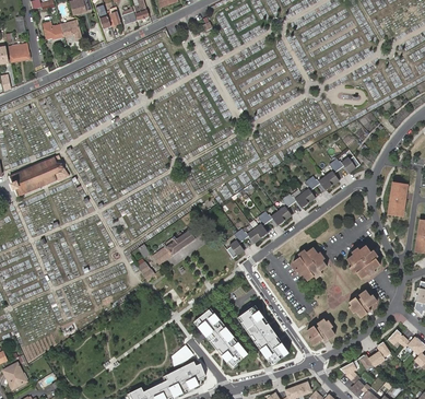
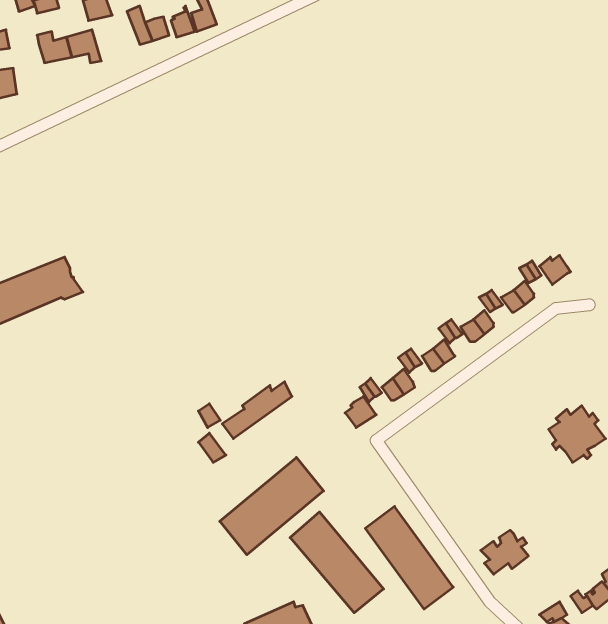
building: [293,248,328,283] -> none
building: none -> [220,457,324,555]
building: [347,289,377,319] -> none

